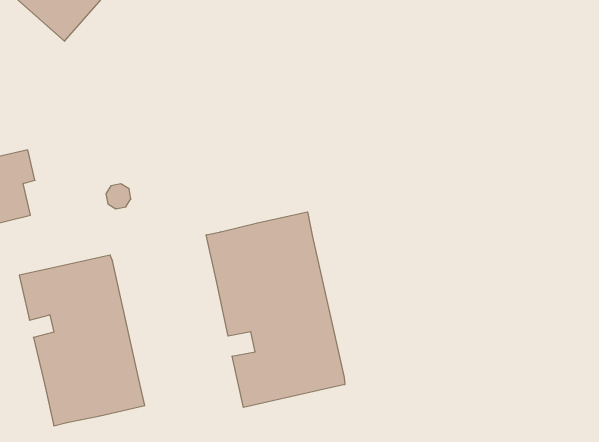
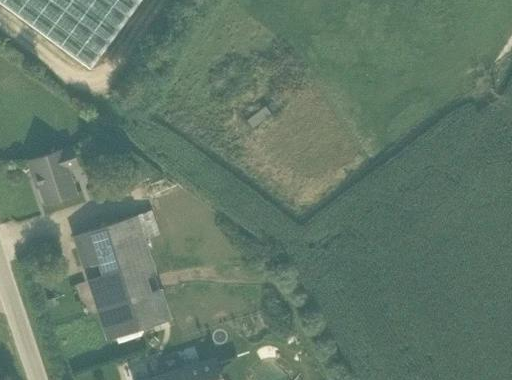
building: [206,212,345,407] -> none

